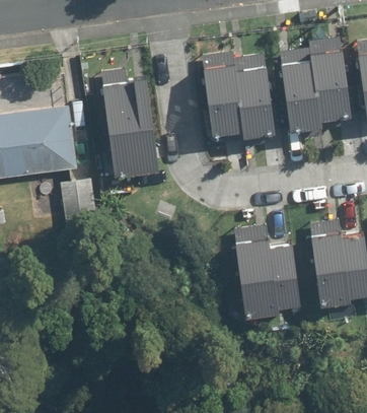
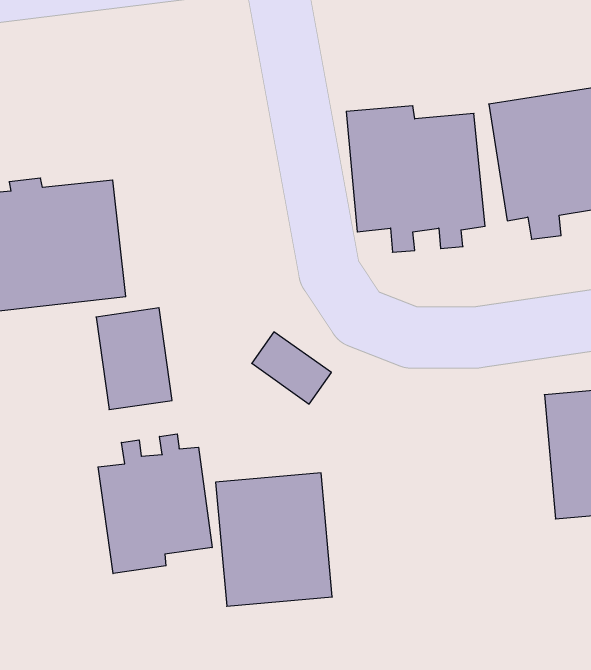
building: [102,80,164,174] -> none
building: [229,230,293,303] -> [216,473,332,606]
building: none -> [98,434,212,574]

